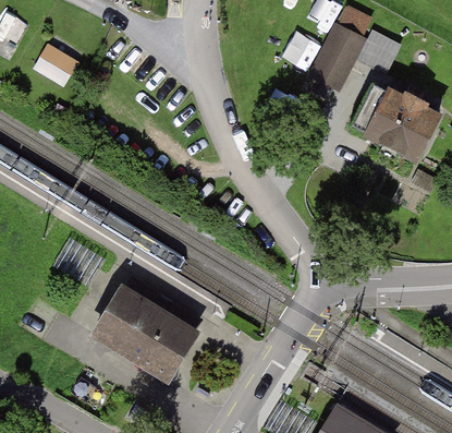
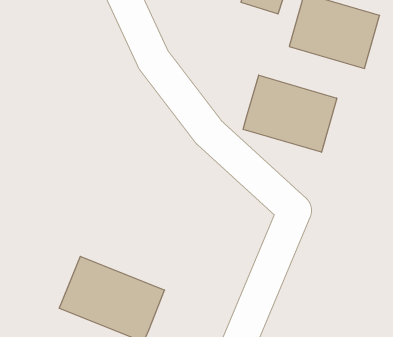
building: none -> [243,75,337,152]

